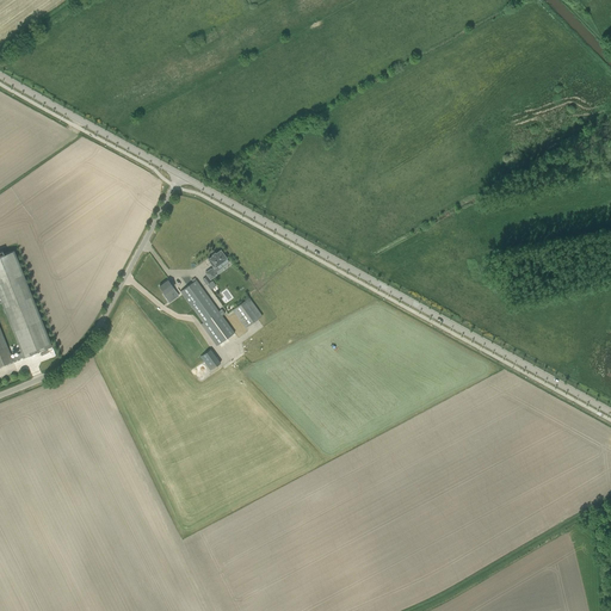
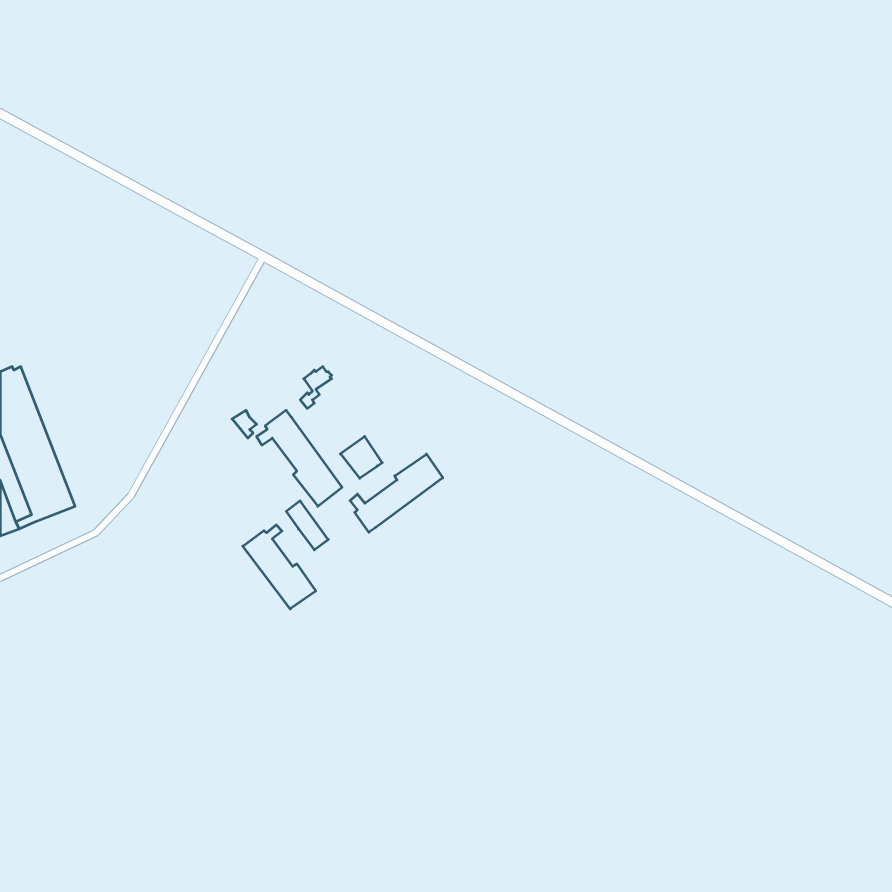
building: none -> [350,454,443,532]
building: none -> [243,525,316,609]

